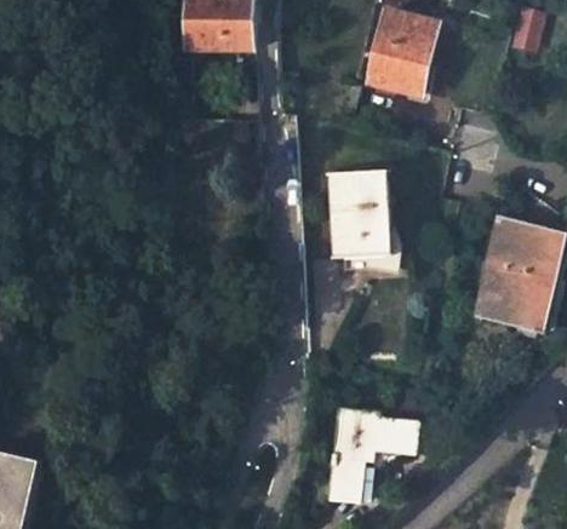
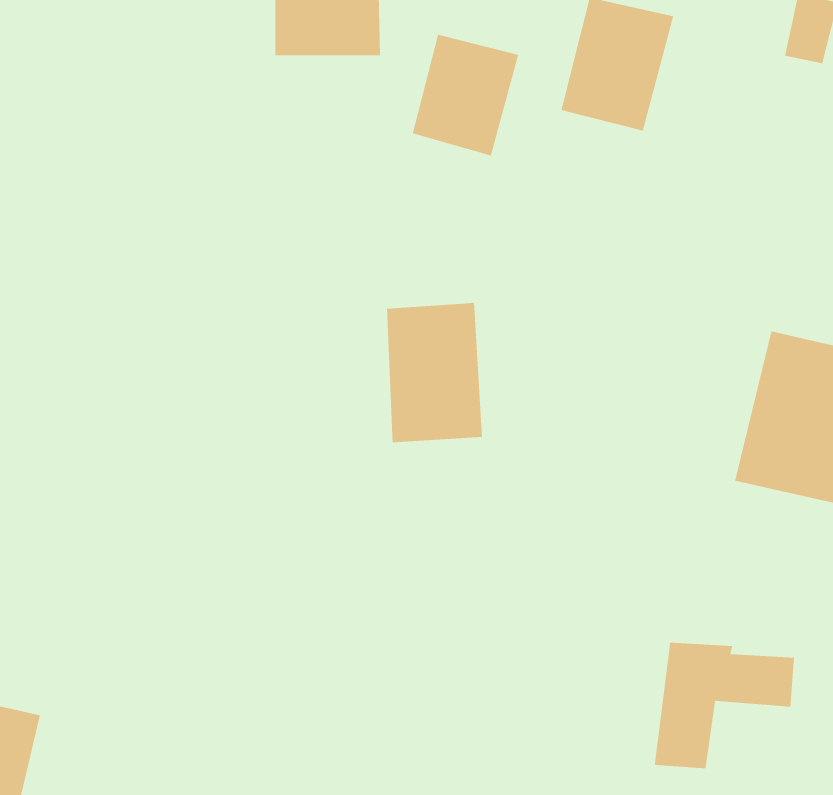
building: none -> [412,34,519,156]
building: [328,169,389,258] -> [386,302,483,443]
building: [330,412,418,491] -> [654,642,795,769]

